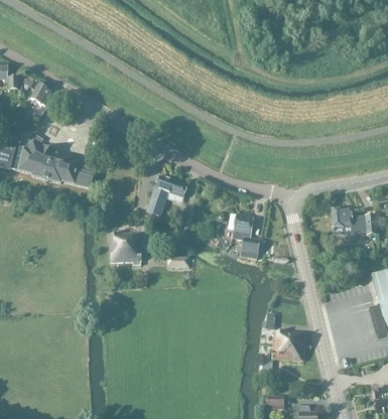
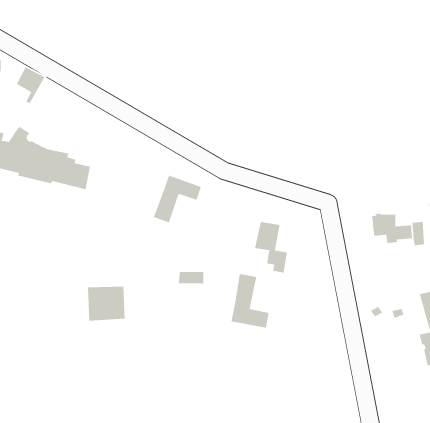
building: [109,233,141,263] -> [87,286,125,321]
building: none -> [230,273,270,328]
building: [265,330,304,362] -> none

